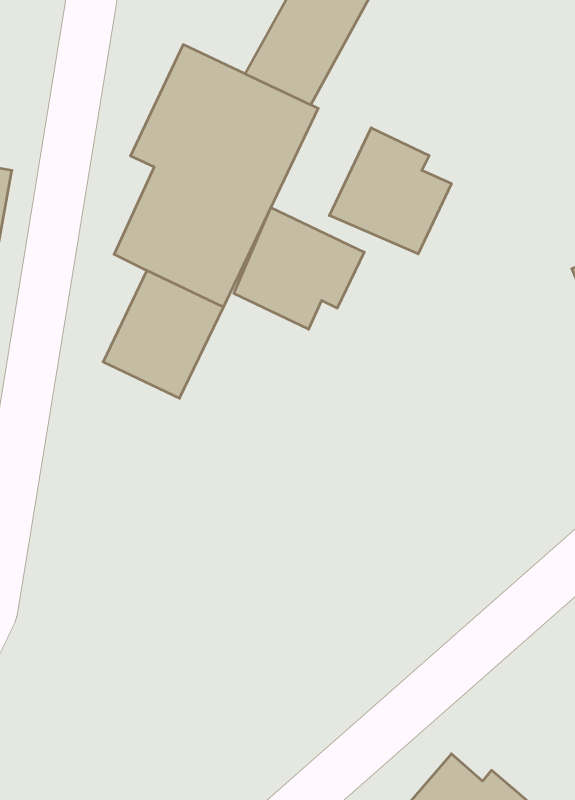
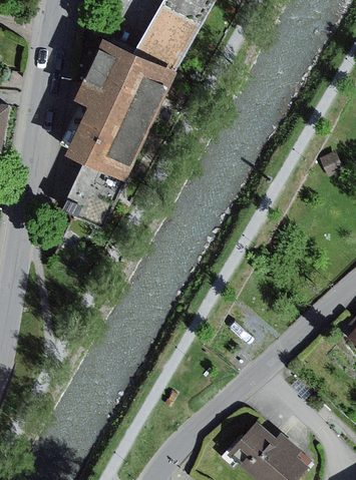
building: [329,128,451,254] -> none
building: [234,208,364,329] -> none

